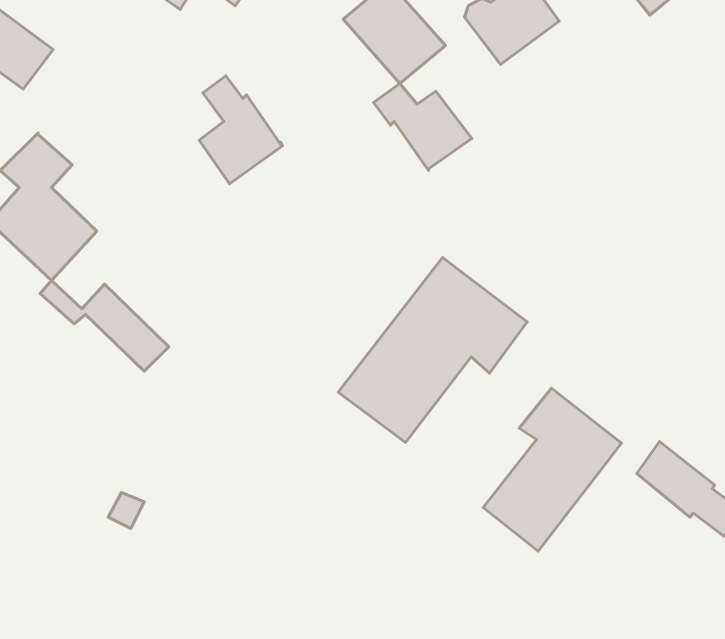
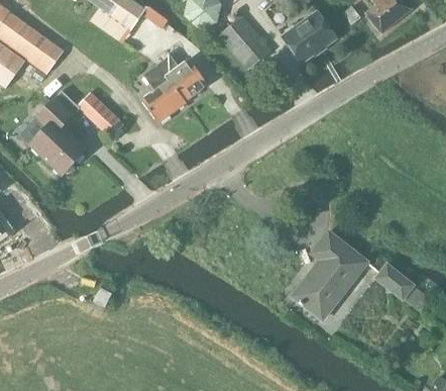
building: [373,83,472,171] -> [155,56,208,102]
building: [338,257,527,443] -> none
building: [40,280,169,371] -> [55,90,124,138]

